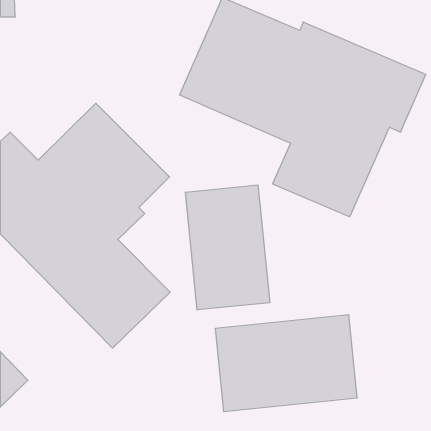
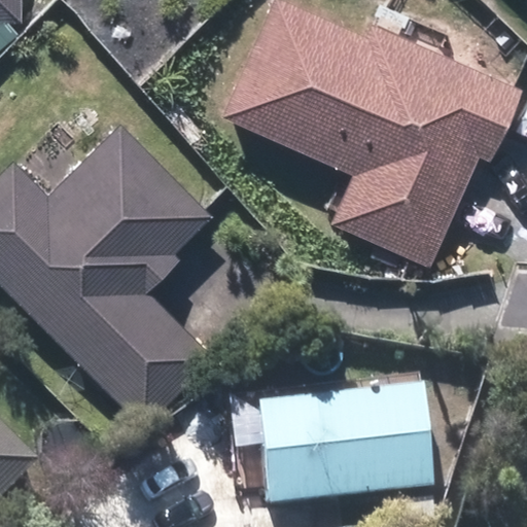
building: [185,185,270,310] -> none

